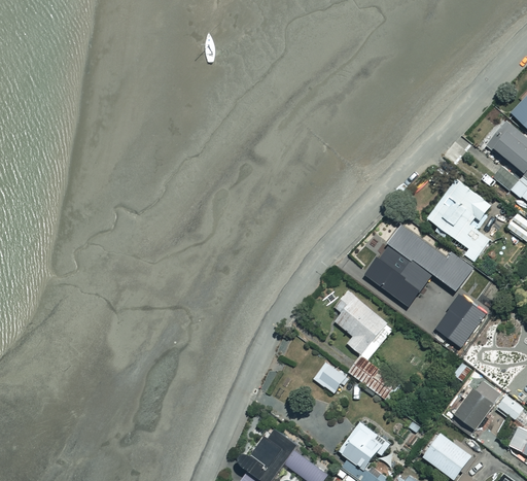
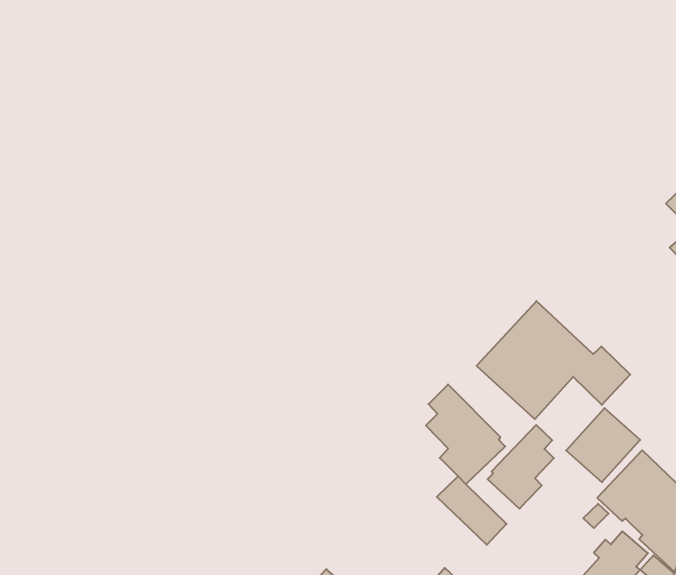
building: [427,178,491,261] -> none
building: none -> [488,425,554,509]
building: [314,362,345,392] -> none

